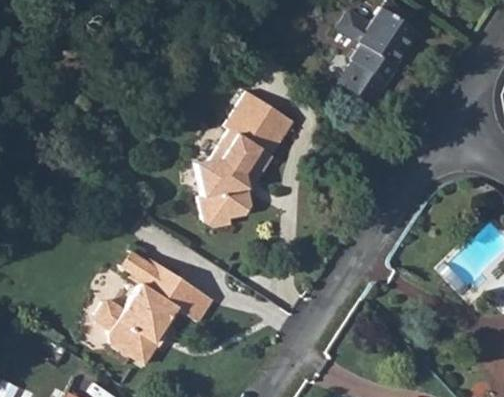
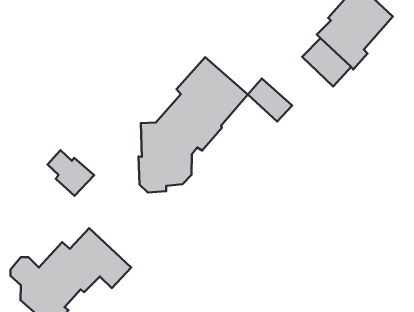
building: none -> [248,78,292,122]
building: [120,249,165,289] -> [47,150,94,196]

